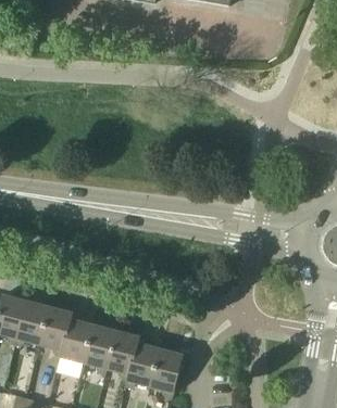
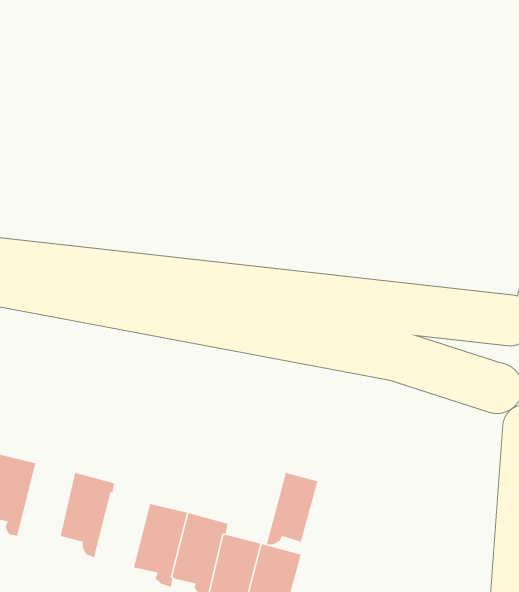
building: [14,301,48,345] -> none
building: none -> [266,472,318,545]
building: [57,318,92,364] -> none

